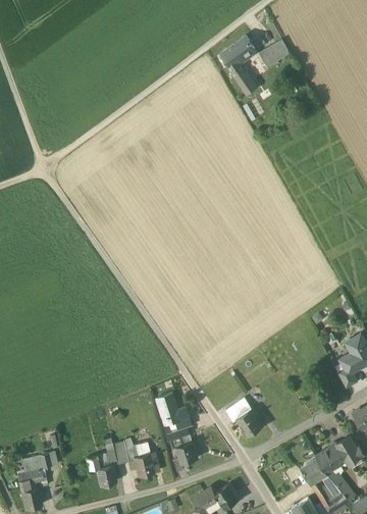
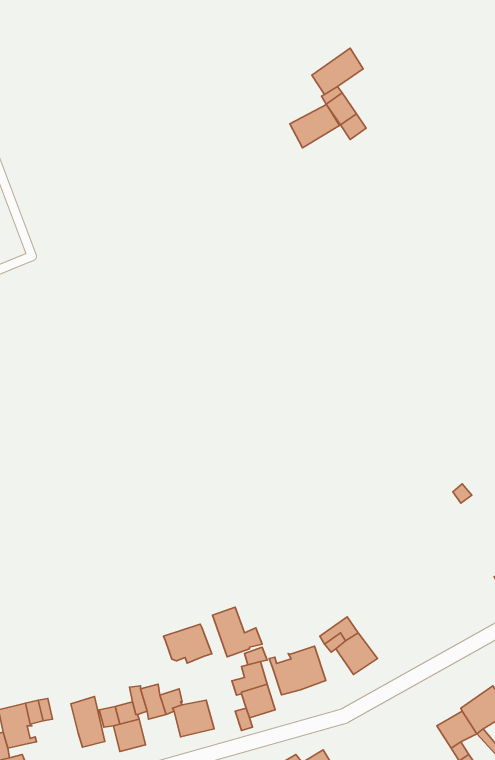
building: [258,41,290,68] -> [290,105,339,148]
building: none -> [164,624,212,663]
building: none -> [269,646,326,695]
building: none -> [71,697,105,747]

